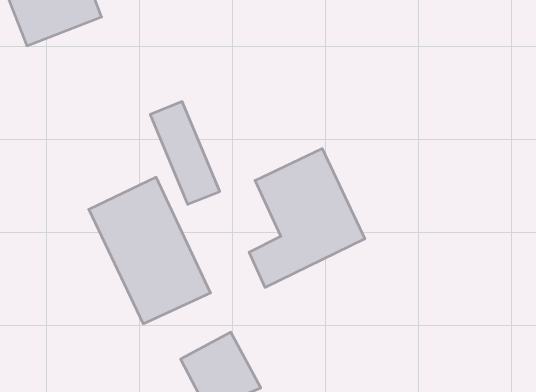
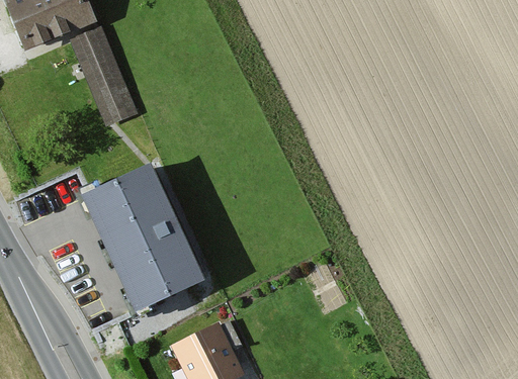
building: [150,102,220,204] -> [69,26,135,123]
building: [249,149,365,287] -> none

